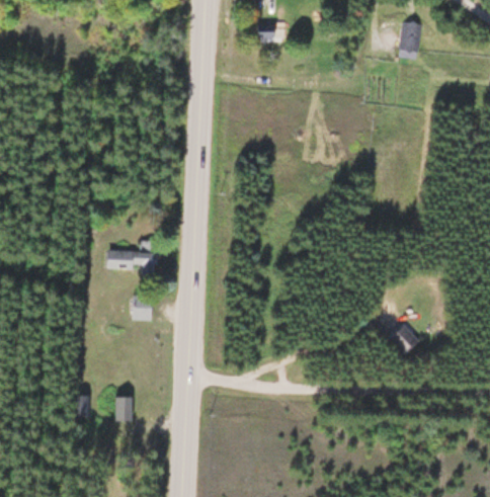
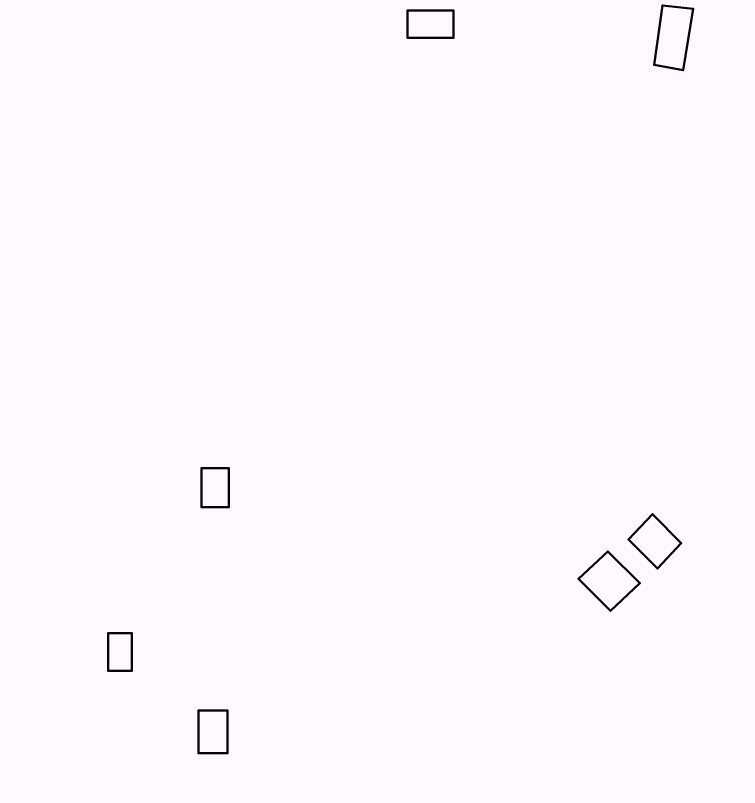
building: [104,251,152,271] -> none
building: none -> [579,551,640,611]
building: [114,396,132,421] -> [199,711,228,753]

